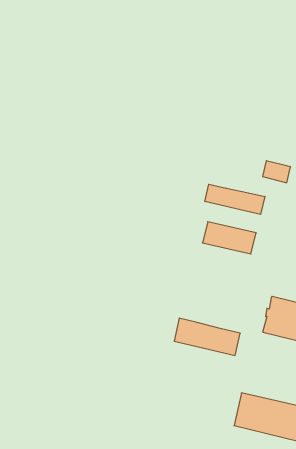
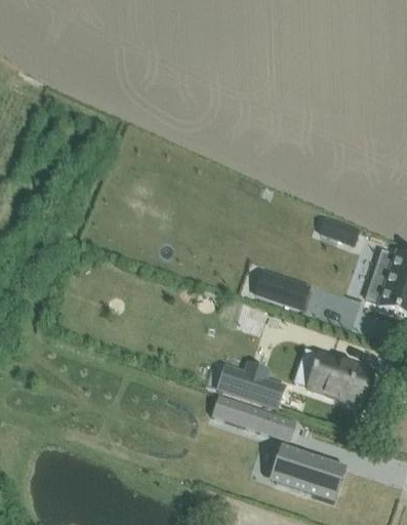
building: [205,184,265,214] -> none
building: none -> [210,396,295,442]

